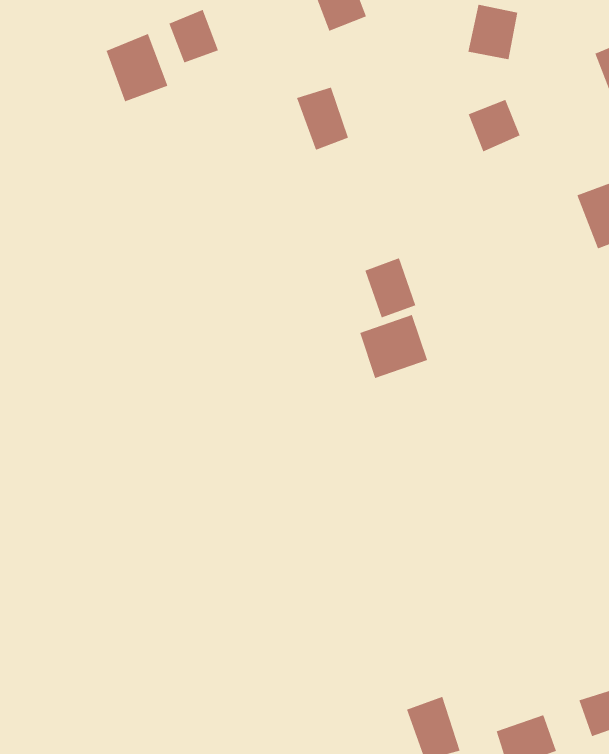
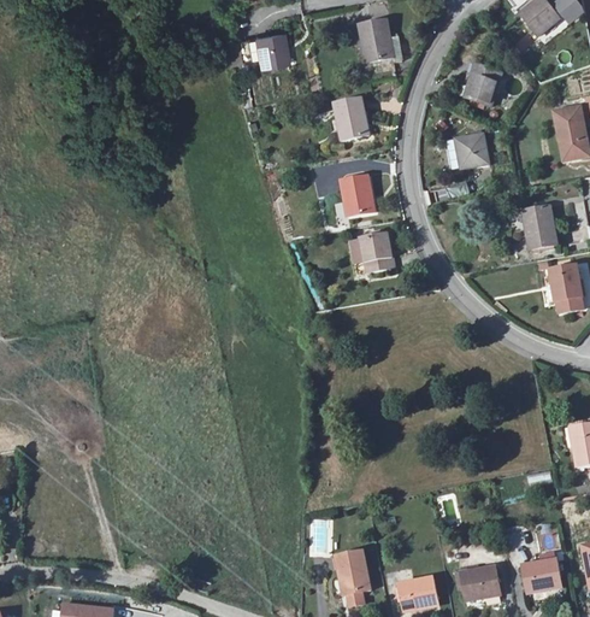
building: [106,33,168,102] -> none
building: none -> [342,172,377,213]
building: [359,314,428,379] -> none

